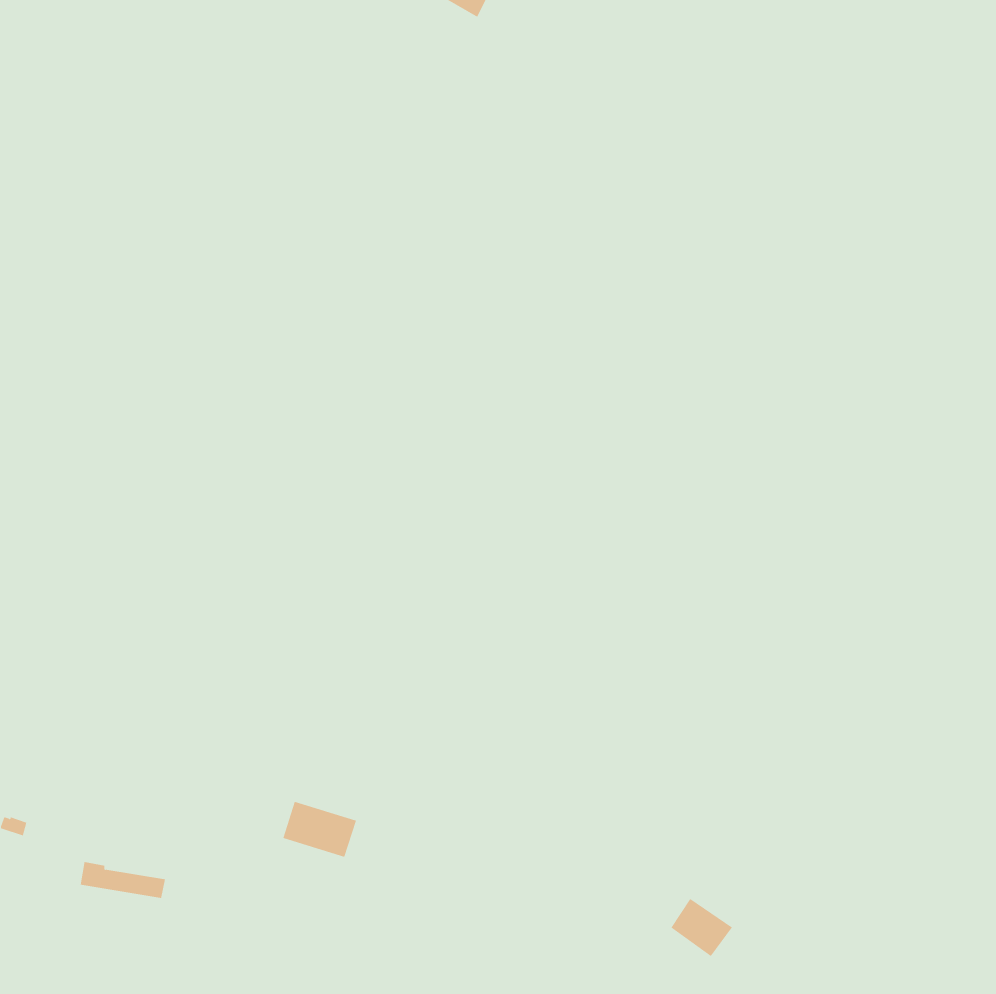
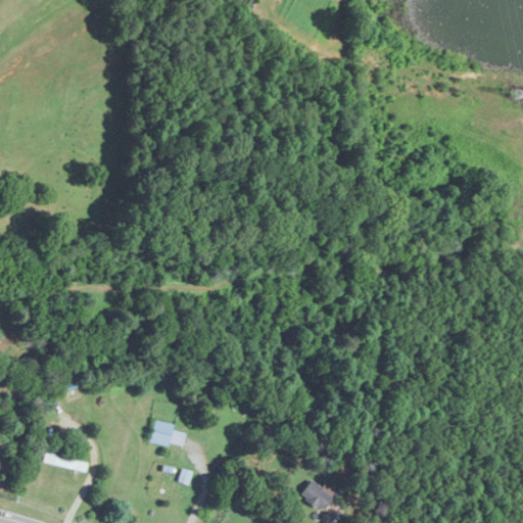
building: [670,898,733,957] -> [300,479,333,510]

